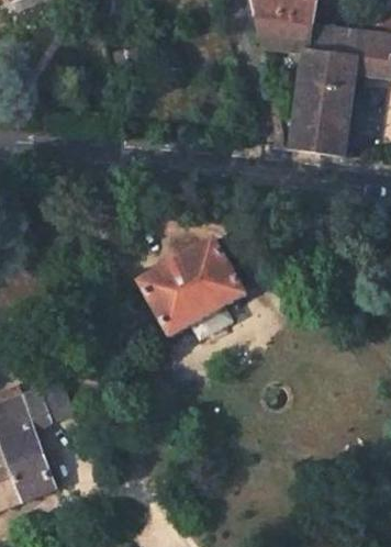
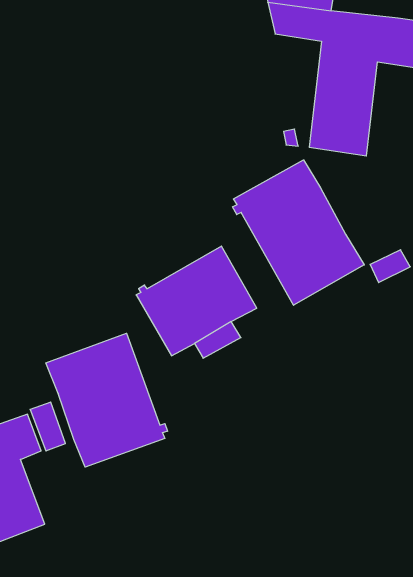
building: none -> [233,160,364,305]
building: none -> [46,333,168,467]

